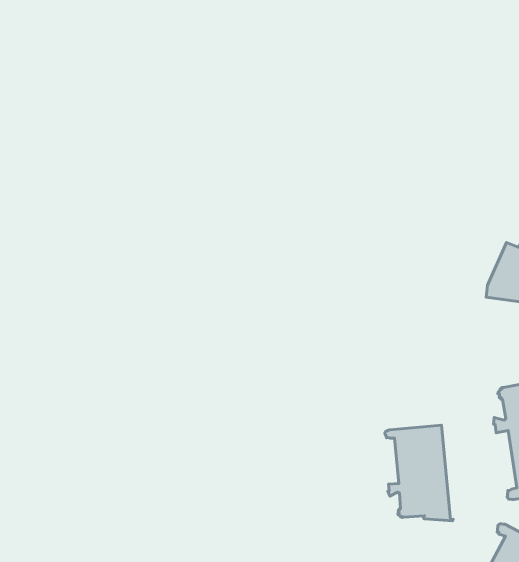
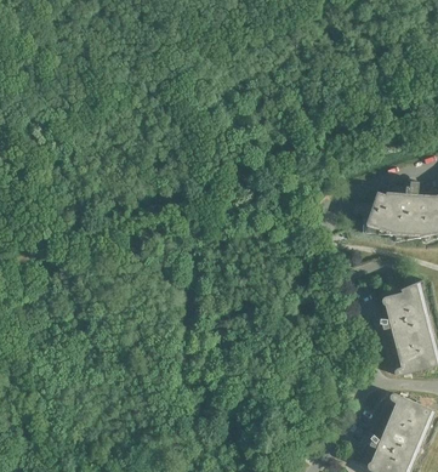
building: [385,425,453,521] -> none

